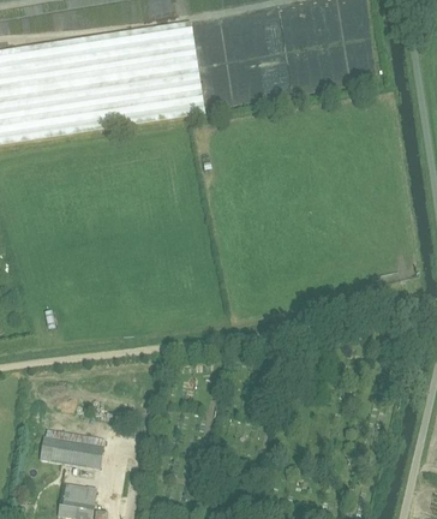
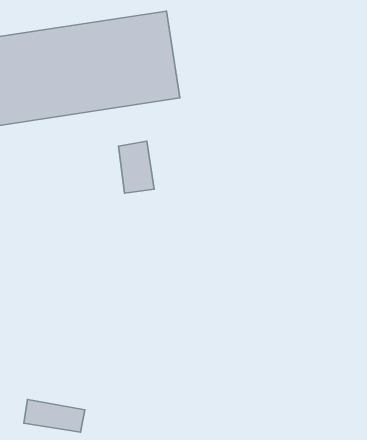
building: none -> [118,141,154,193]

